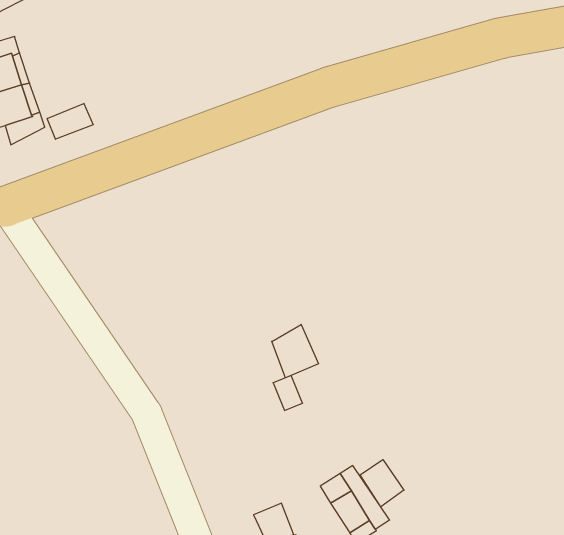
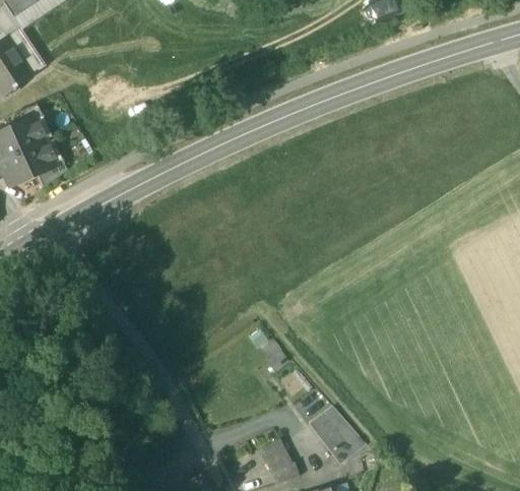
building: [47,103,93,139] -> none
building: [272,324,318,378] -> none
building: [360,460,404,507] -> none

